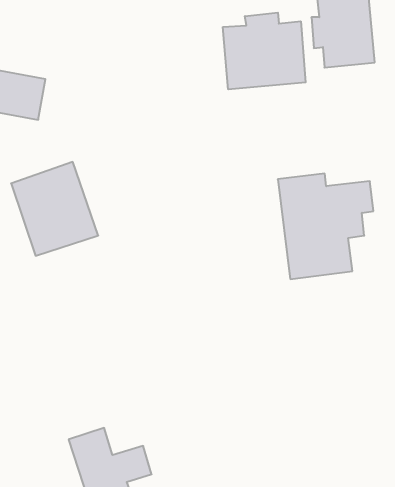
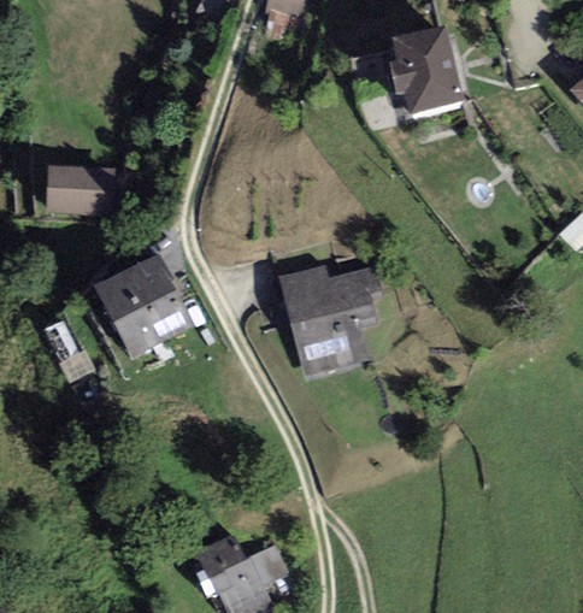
building: [223,13,306,89] -> none
building: [278,174,373,279] -> [276,264,383,382]

